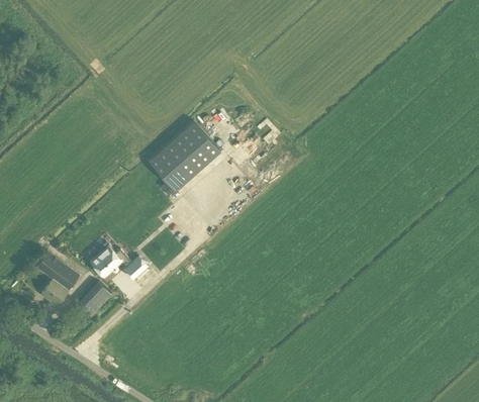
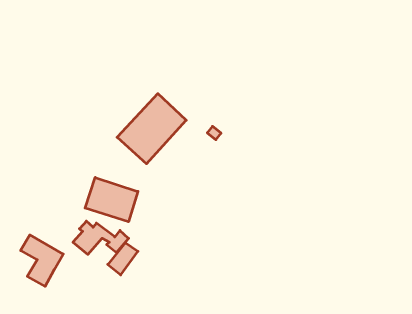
building: none -> [85,177,138,222]
building: [79,284,111,316] -> [108,243,138,275]

